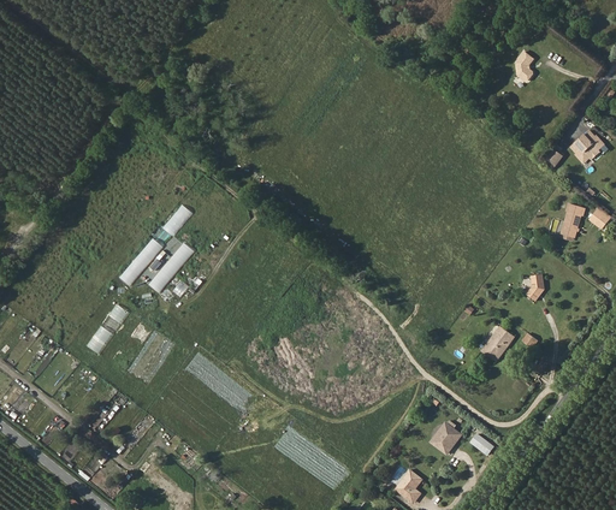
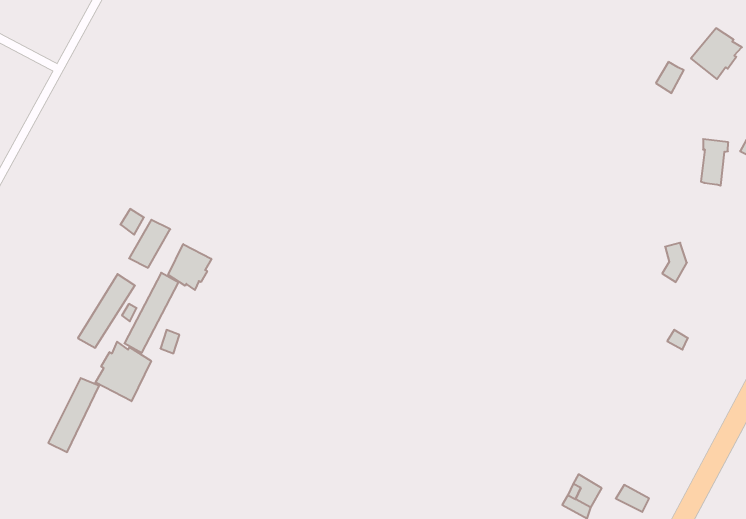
building: none -> [168,244,211,290]
building: none -> [95,342,151,401]
building: [481,326,514,361] -> none

